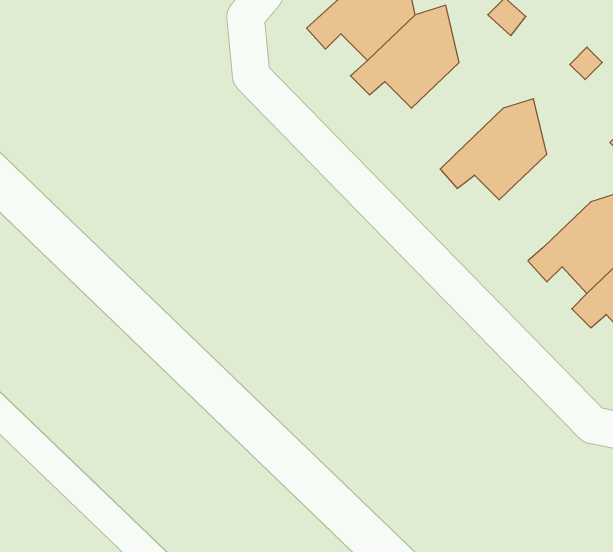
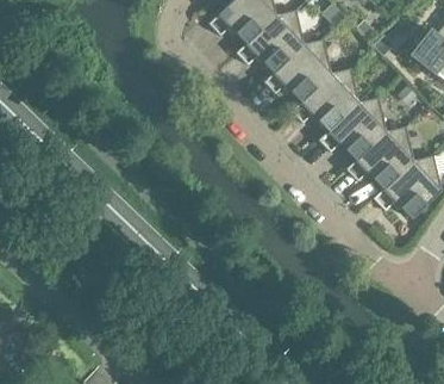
building: none -> [262,38,330,101]
building: none -> [318,95,384,160]

